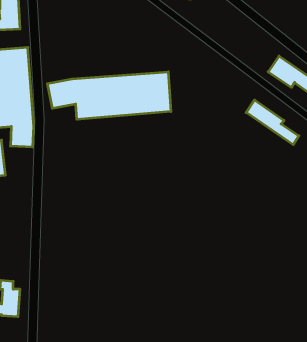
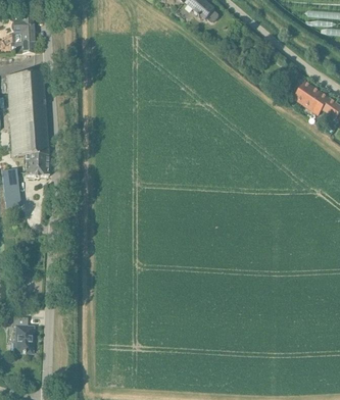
building: [47,72,171,119] -> none
building: [246,100,299,145] -> none

